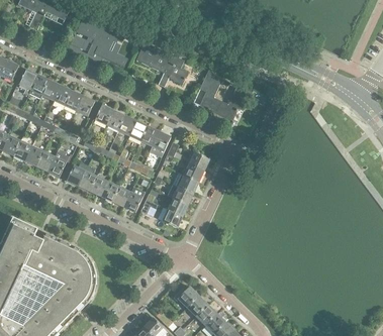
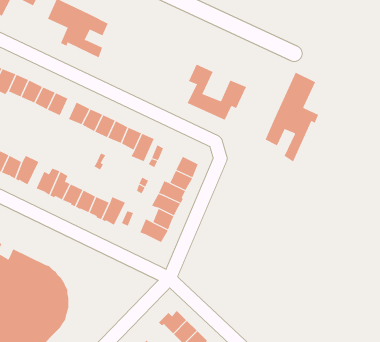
building: [136,41,188,87] -> none
building: none -> [265,72,319,162]

